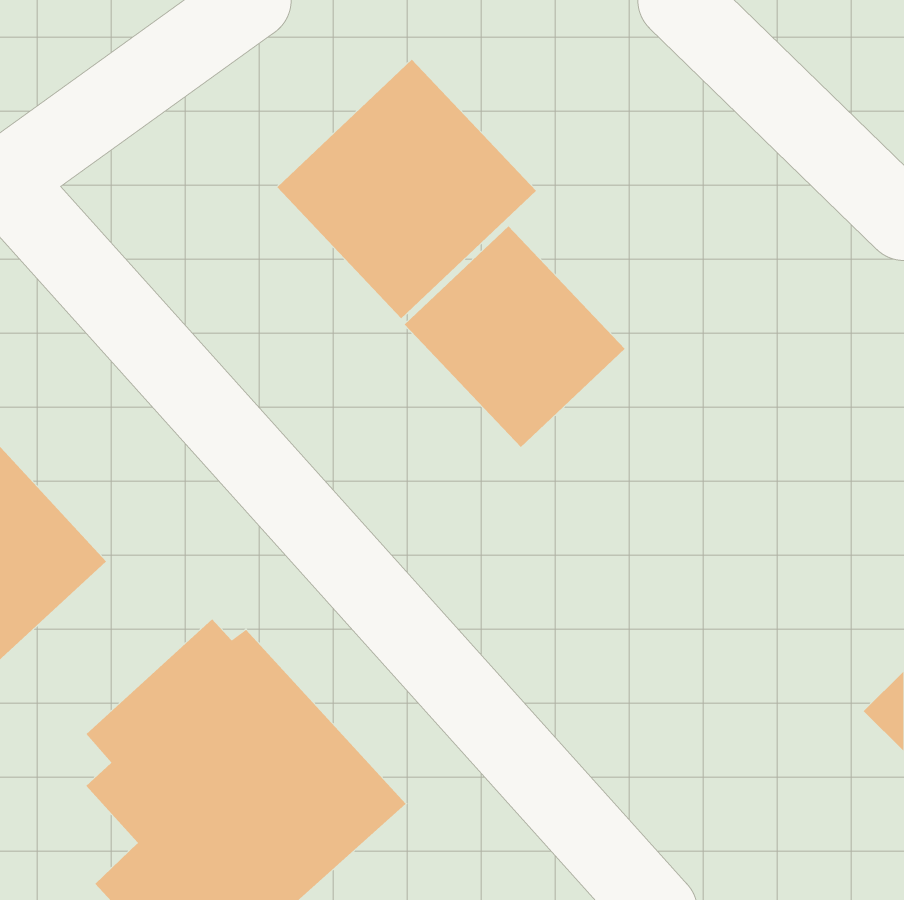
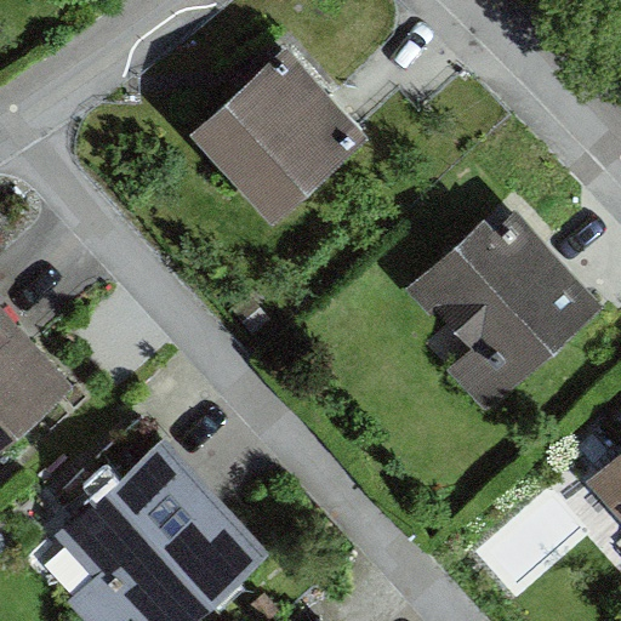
building: [404,225,625,448] -> none
building: none -> [406,216,609,425]

